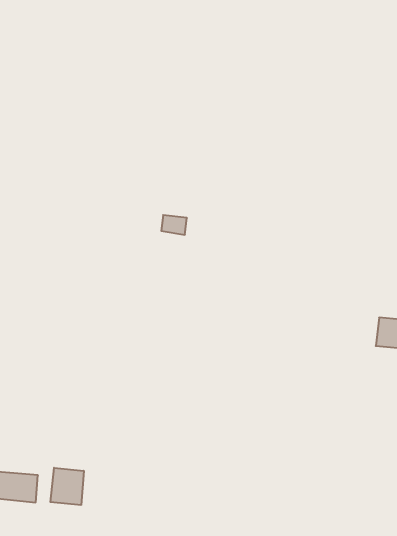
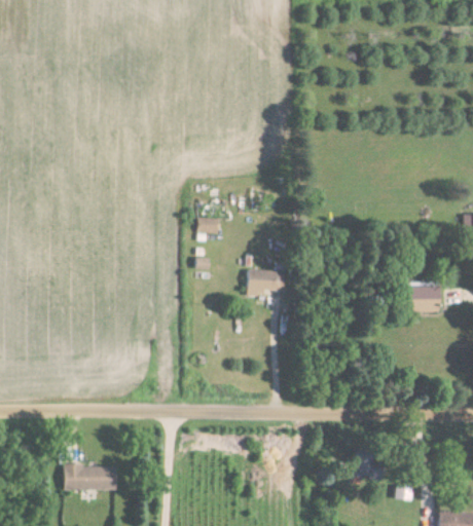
building: none -> [248,271,283,296]
building: [50,468,84,505] -> none

